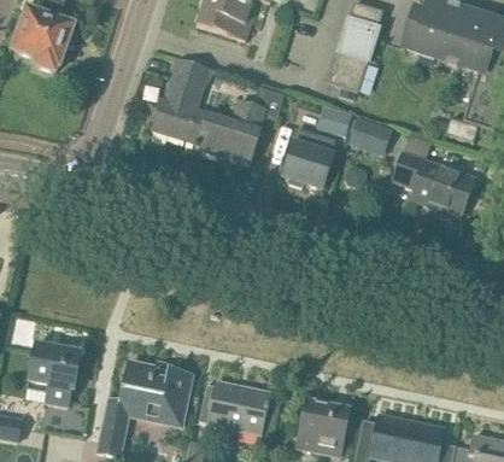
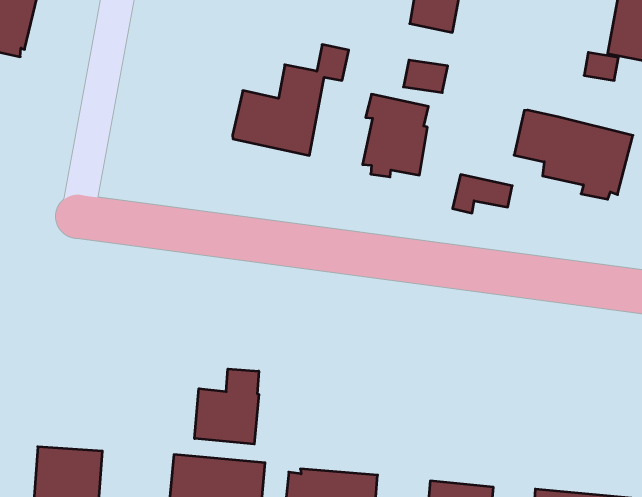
building: [152,58,215,146] -> none
building: [347,116,391,144] -> [453,175,512,213]
building: none -> [195,369,259,444]

